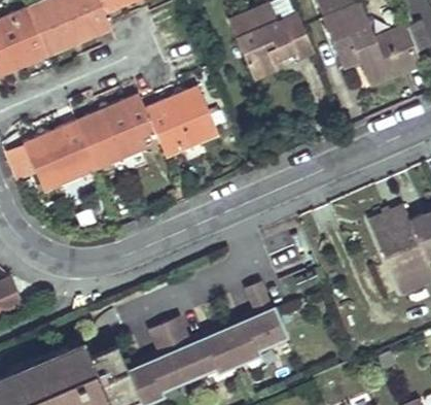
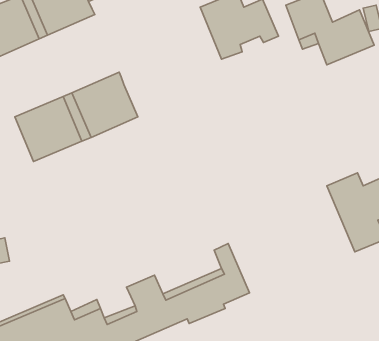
building: [144,83,219,157] -> none

